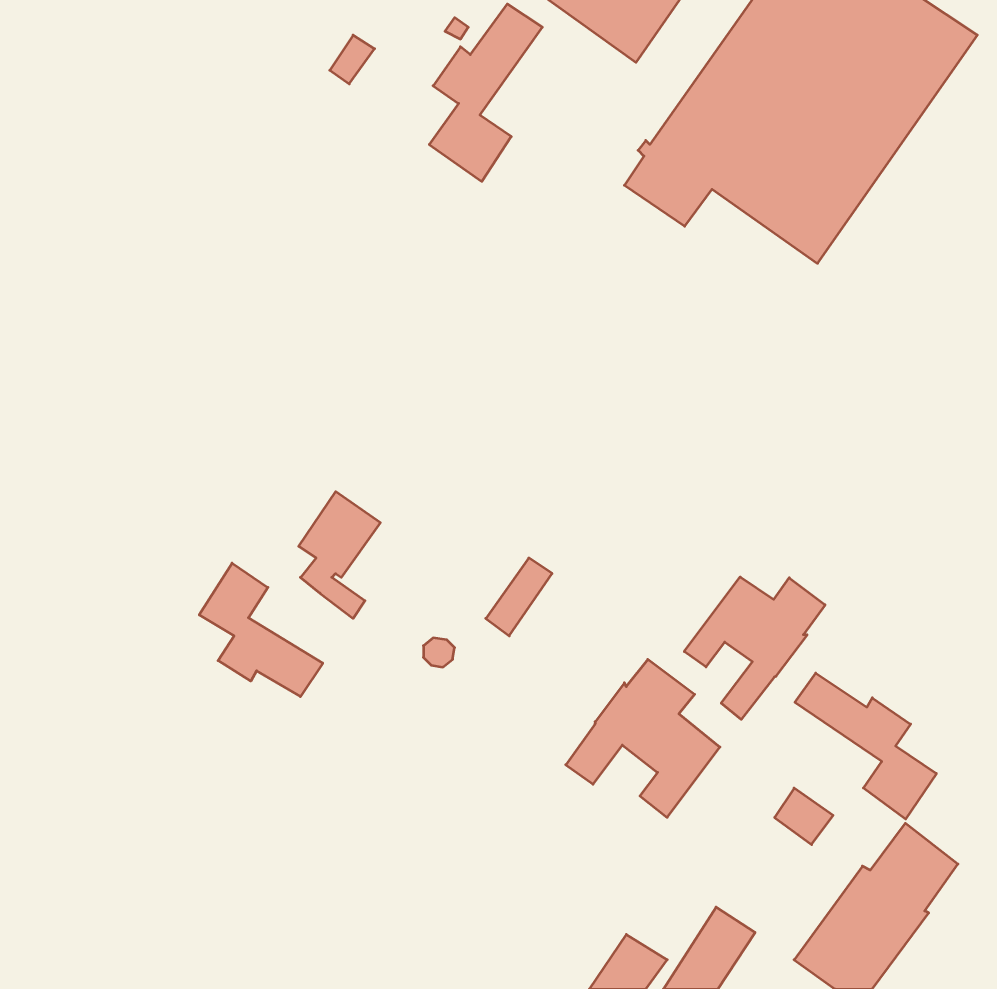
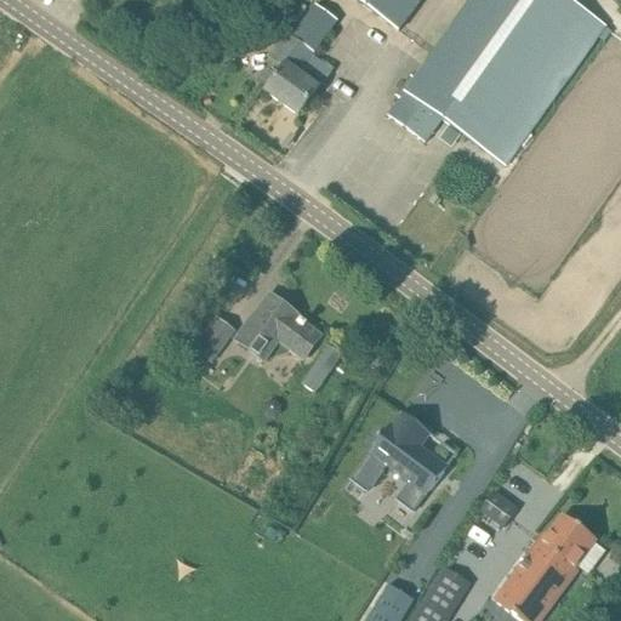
building: none -> [237,292,320,358]
building: [199,563,323,697] -> none
building: [684,577,825,719] -> none
building: [795,673,936,819] -> none

